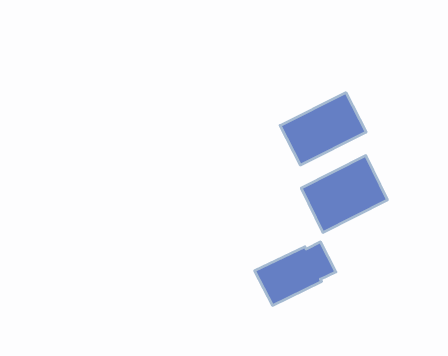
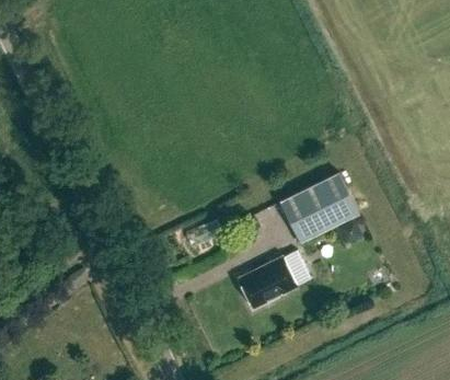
building: [280,93,366,165] -> none

